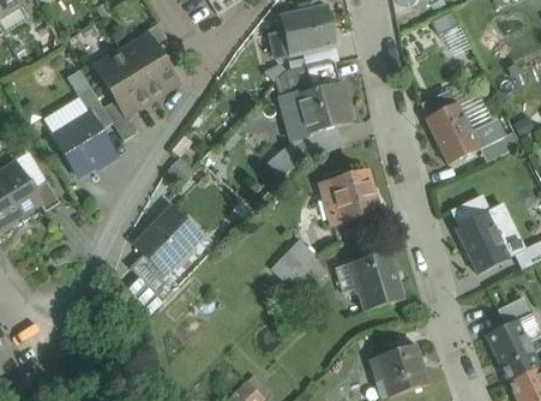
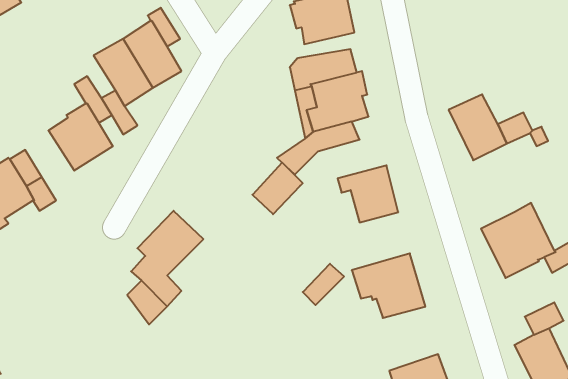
building: [270,238,317,286] -> [252,163,303,214]

